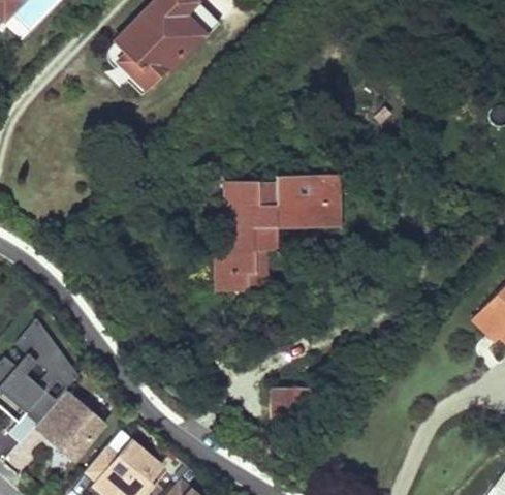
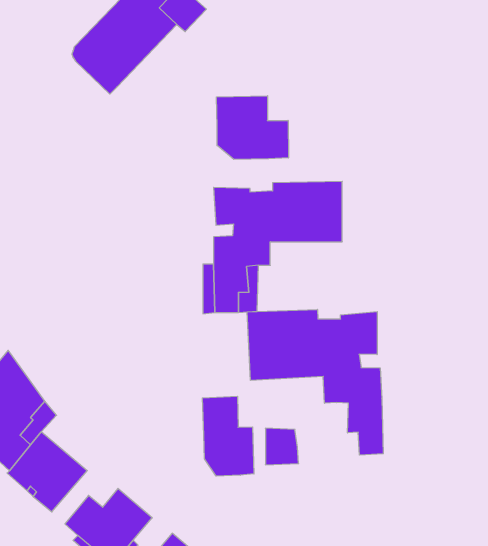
building: none -> [217,96,288,159]
building: none -> [247,309,383,455]
building: none -> [202,396,254,476]

